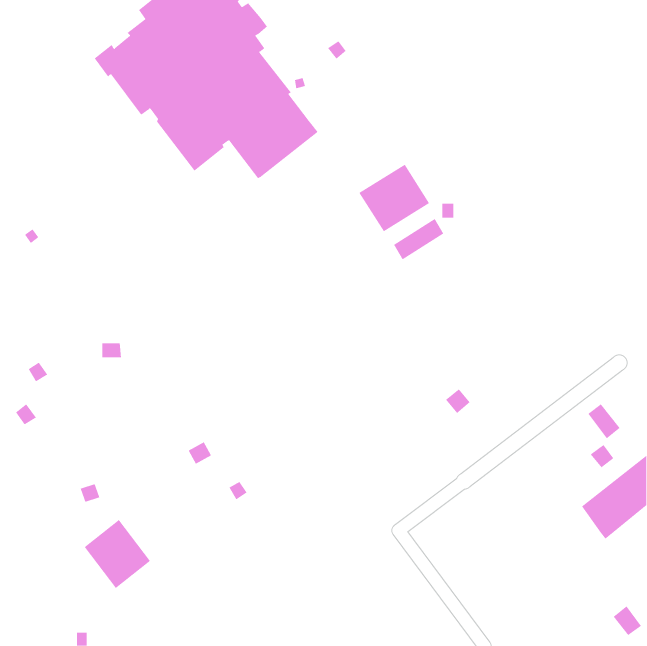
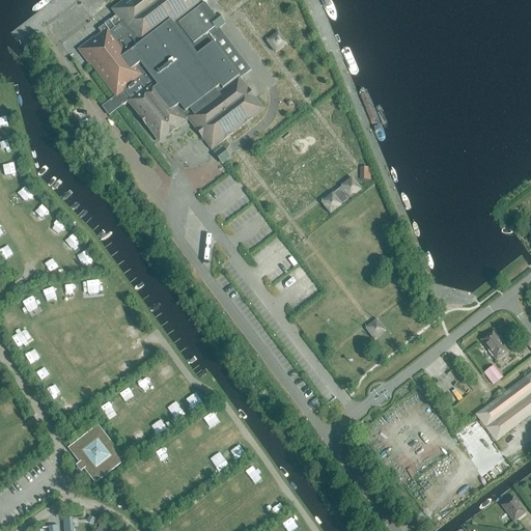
building: [359,164,430,232] -> none

